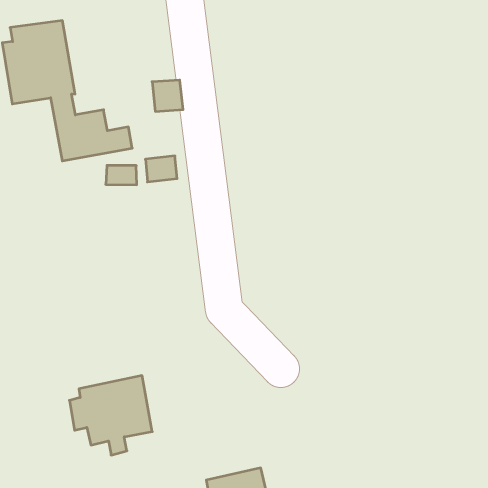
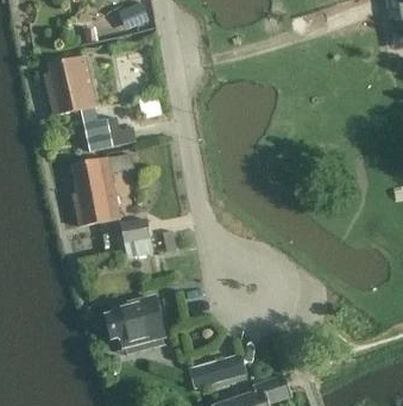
building: none -> [70,156,119,225]
building: none -> [120,219,149,255]

